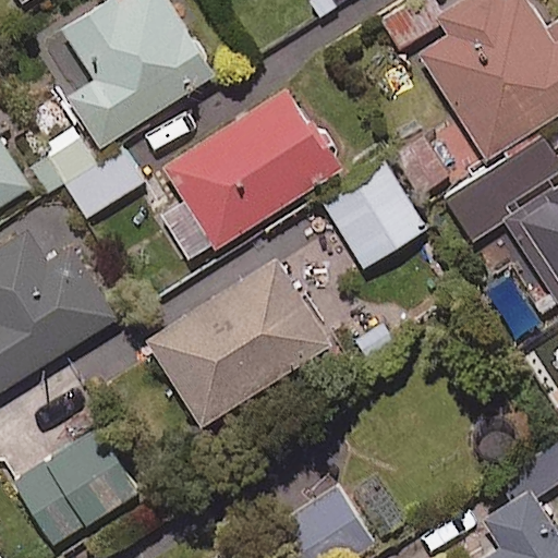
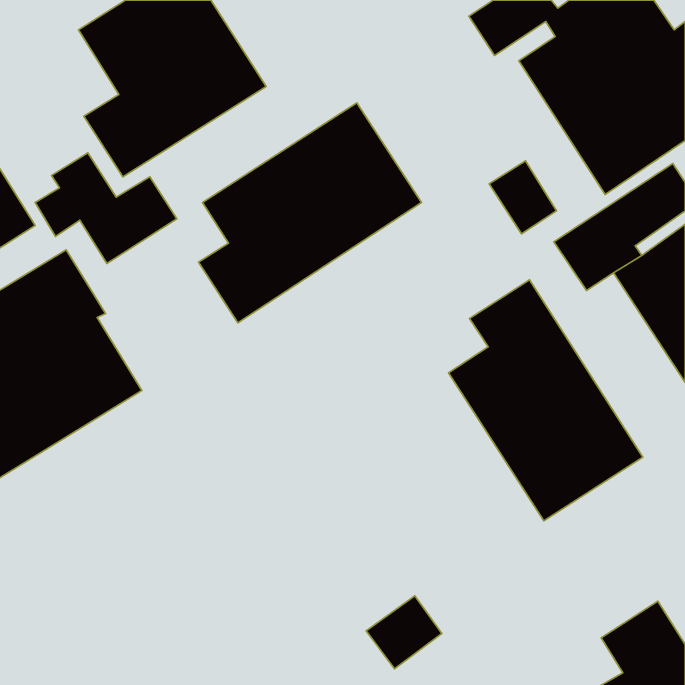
building: [324,163,425,267] -> none
building: none -> [449,280,643,521]
building: [146,256,333,430] -> none
building: [15,430,137,543] -> none

